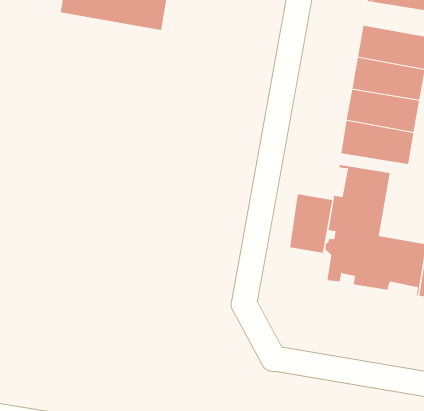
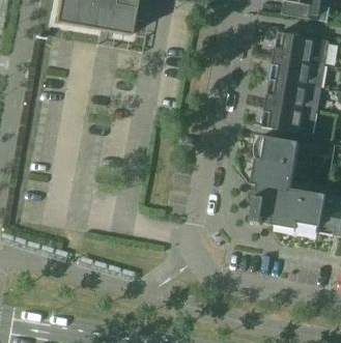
building: [289,194,333,254] -> none

